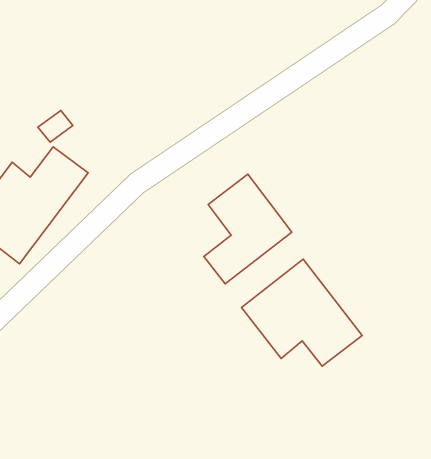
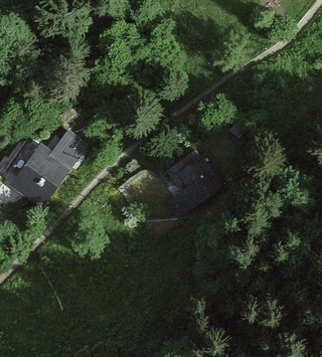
building: [242,259,362,366] -> none

